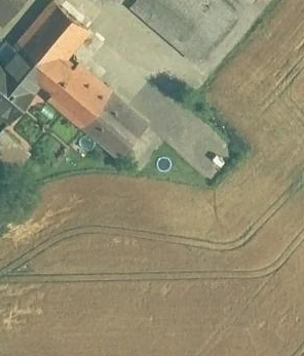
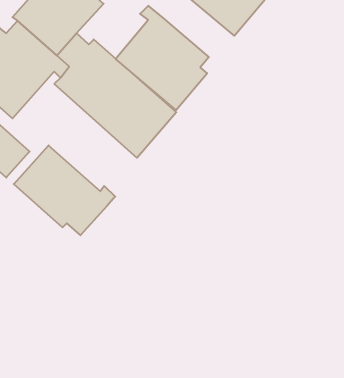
building: none -> [116,6,209,110]
building: none -> [14,145,115,235]

